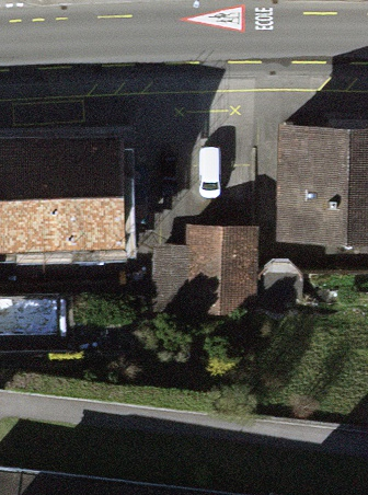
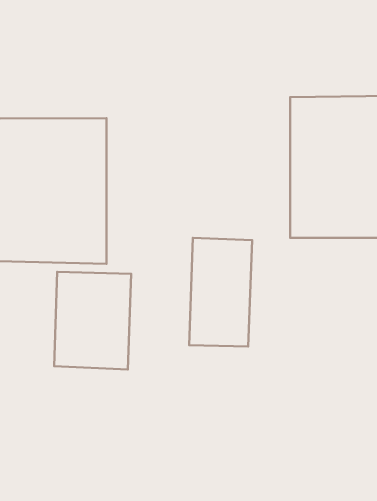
building: none -> [54,272,131,369]

